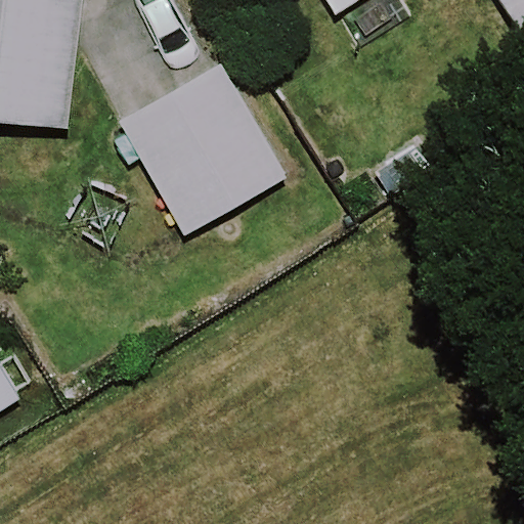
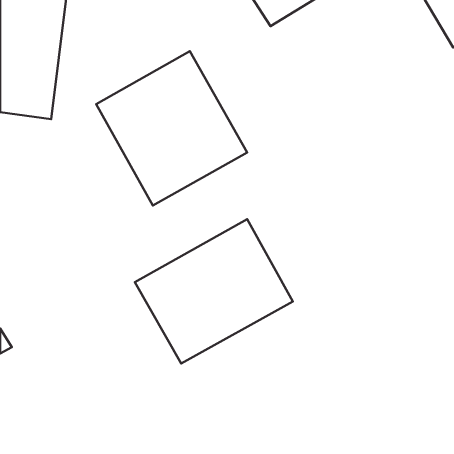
building: none -> [135,219,293,364]

